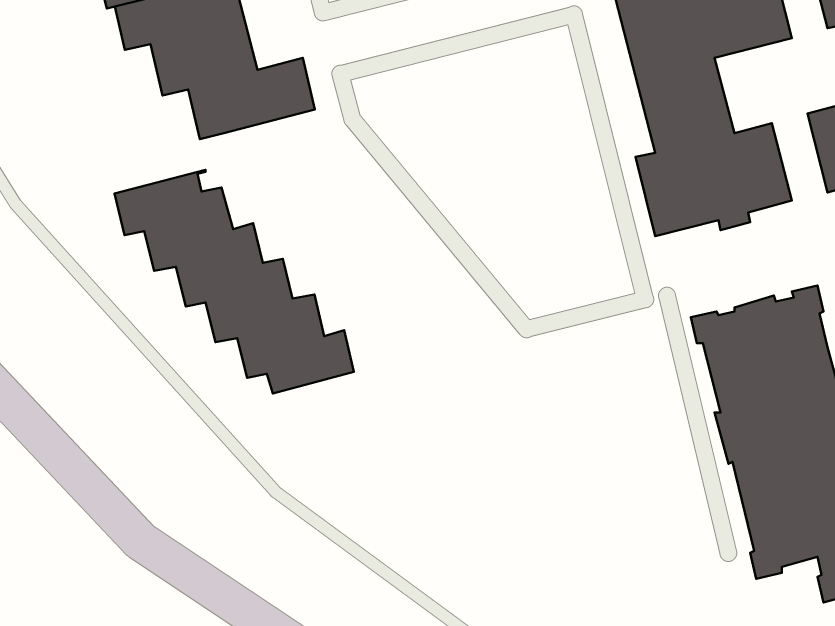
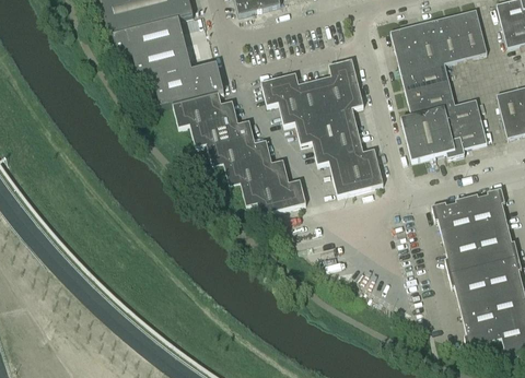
building: none -> [260,59,383,194]
building: [115,170,354,394] -> [173,91,305,214]

